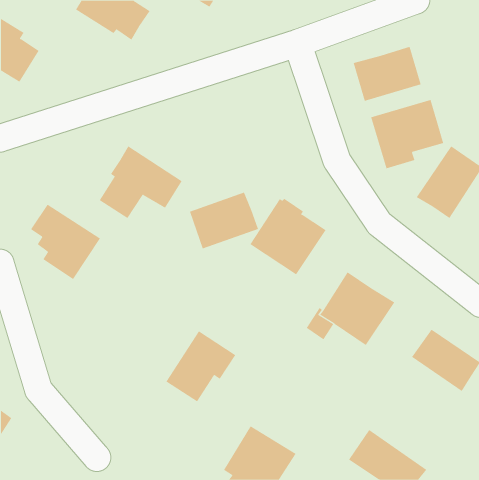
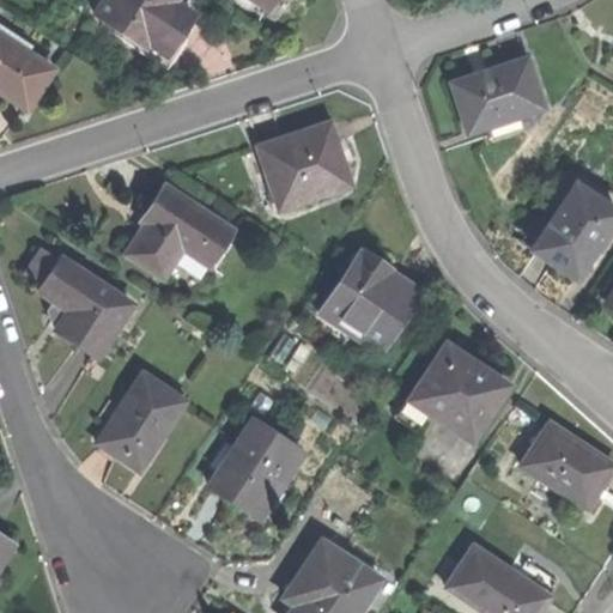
building: [371,99,444,169] -> none
building: [189,192,259,249] -> [261,122,350,195]
building: none -> [98,375,186,472]

